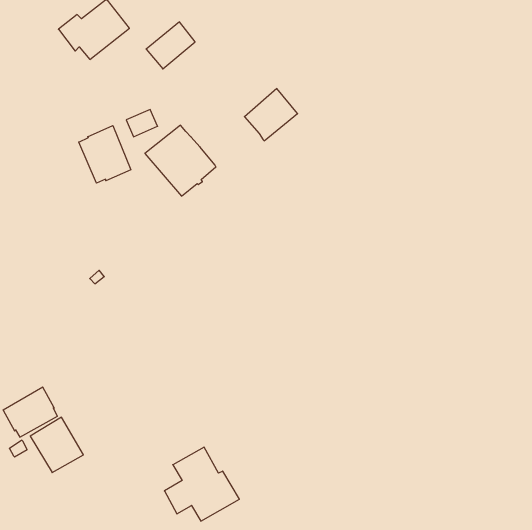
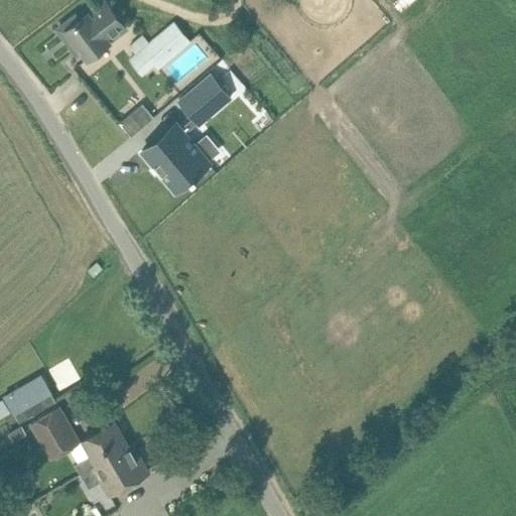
building: [244,89,298,141] -> [178,76,230,126]
building: [79,126,131,183] -> none
building: [164,447,239,521] -> [75,423,147,495]

